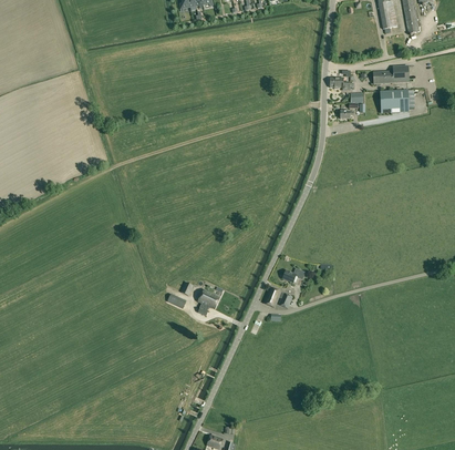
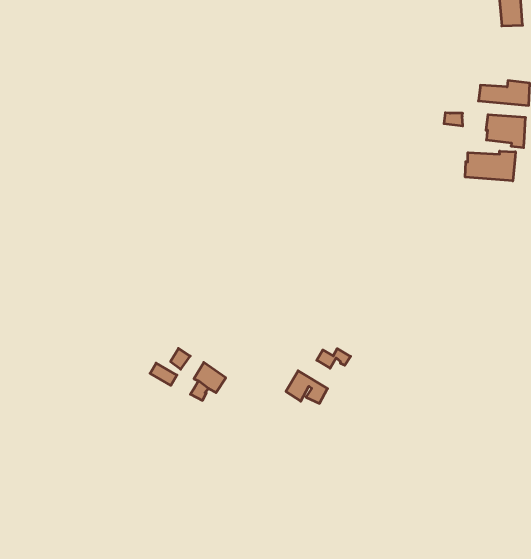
building: none -> [465,151,515,181]

